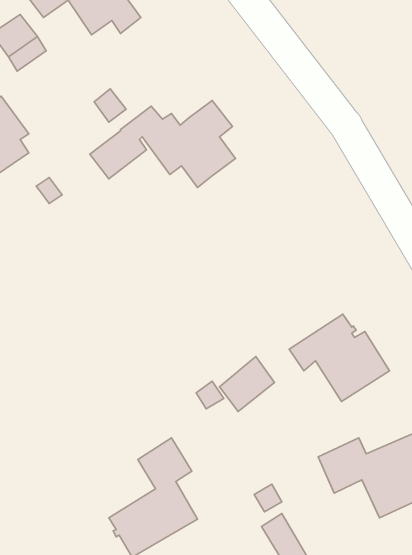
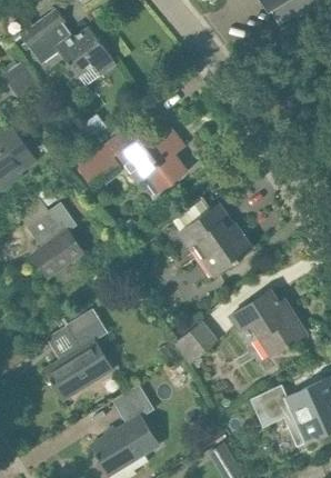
building: none -> [27,202,83,278]
building: none -> [175,205,252,276]
building: none -> [43,309,112,400]

